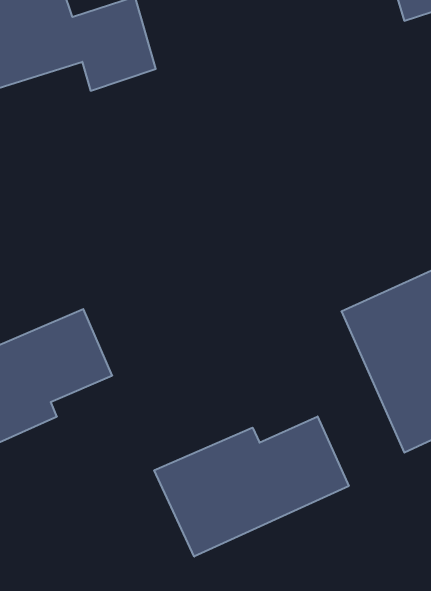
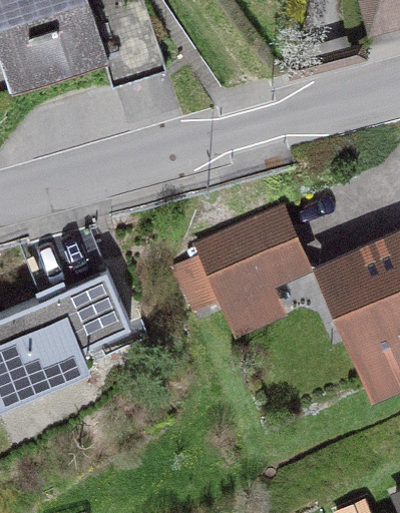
building: none -> [173,209,306,311]
building: [154,416,349,557] -> none

